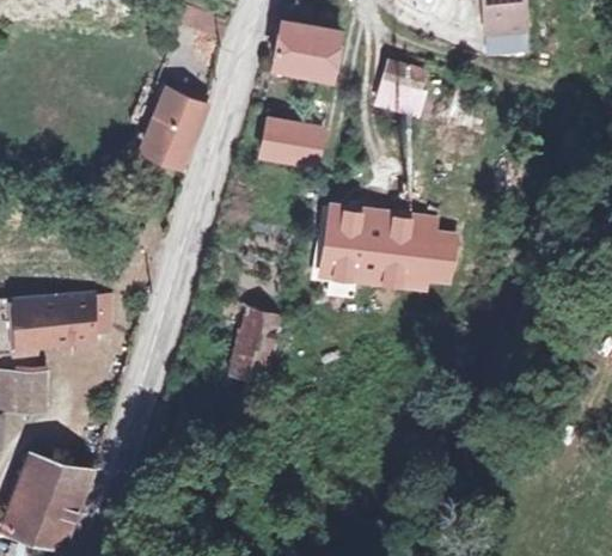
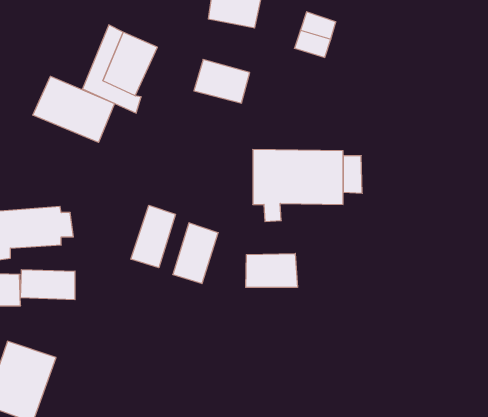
building: none -> [33,76,115,142]
building: none -> [131,205,176,268]
building: none -> [246,253,297,287]
building: none -> [20,270,75,300]

